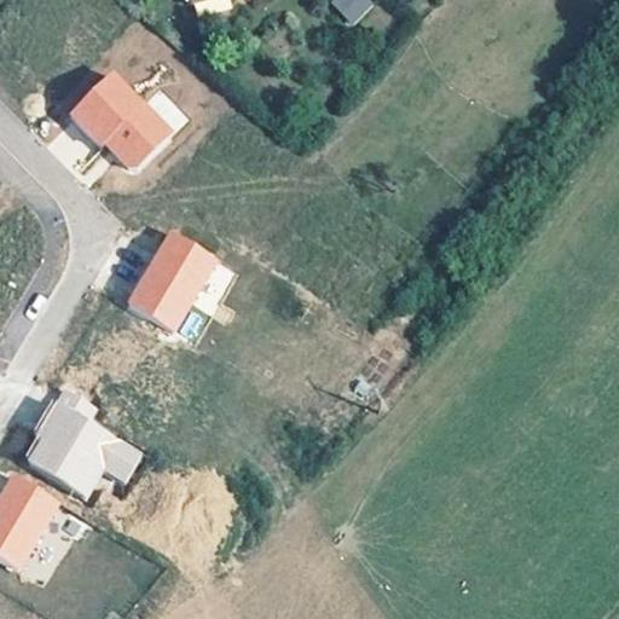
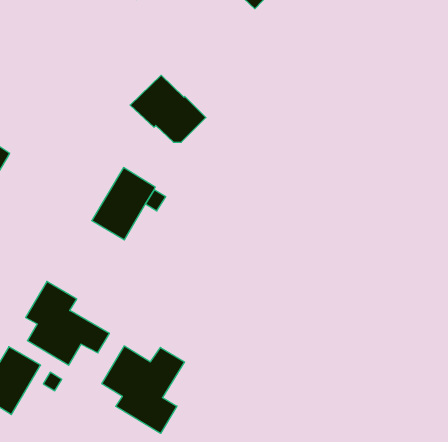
building: [66,74,170,166] -> [130,75,206,142]
building: none -> [102,346,185,433]

